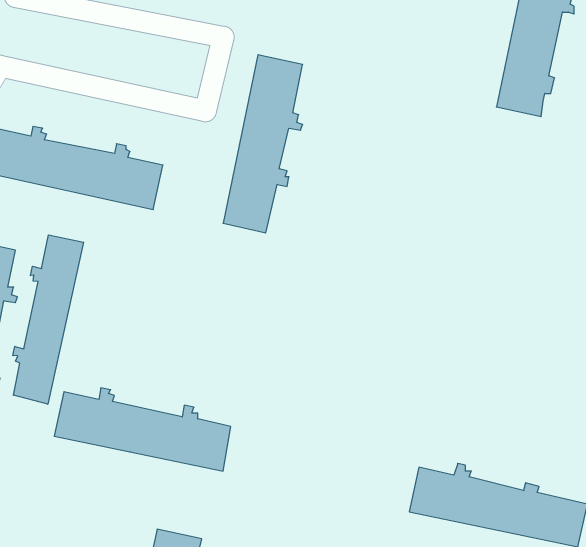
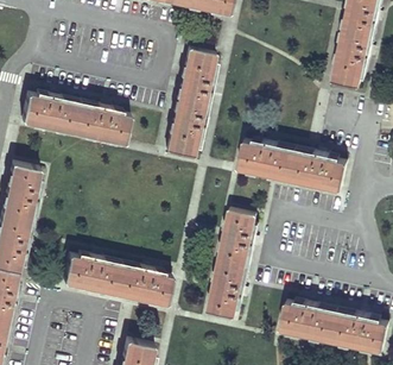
building: none -> [240,139,349,190]
building: [13,235,84,404] -> none
building: none -> [209,210,259,319]

